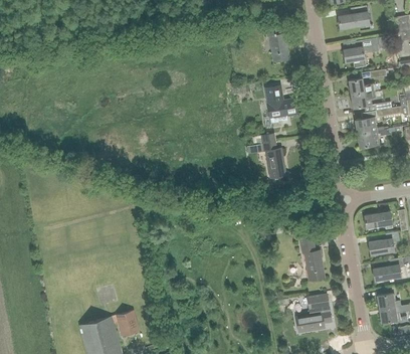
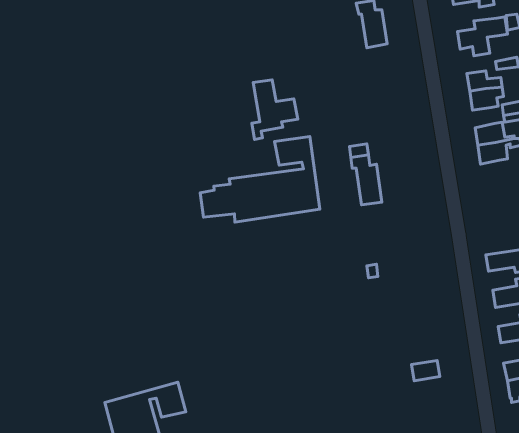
building: [264,84,298,129] -> [252,80,298,139]
building: none -> [200,137,320,222]
building: [300,237,325,280] -> none
building: [296,309,332,332] -> none

